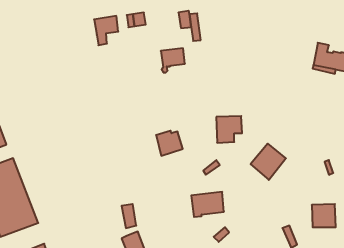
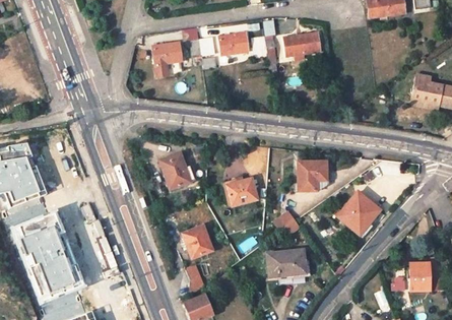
building: none -> [283,33,319,56]
building: [161,48,185,72] -> [218,33,247,61]
building: none -> [160,152,186,188]
building: none -> [184,226,212,257]

